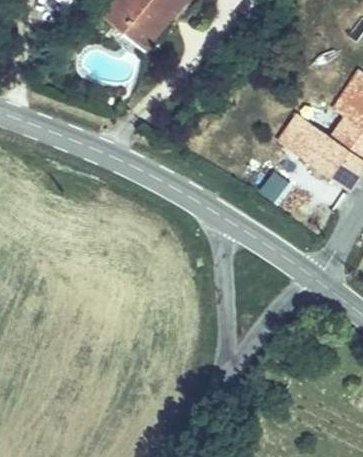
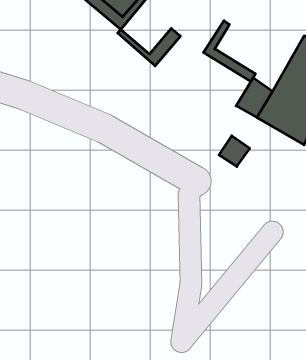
building: none -> [203,21,255,82]
building: none -> [118,28,180,66]

